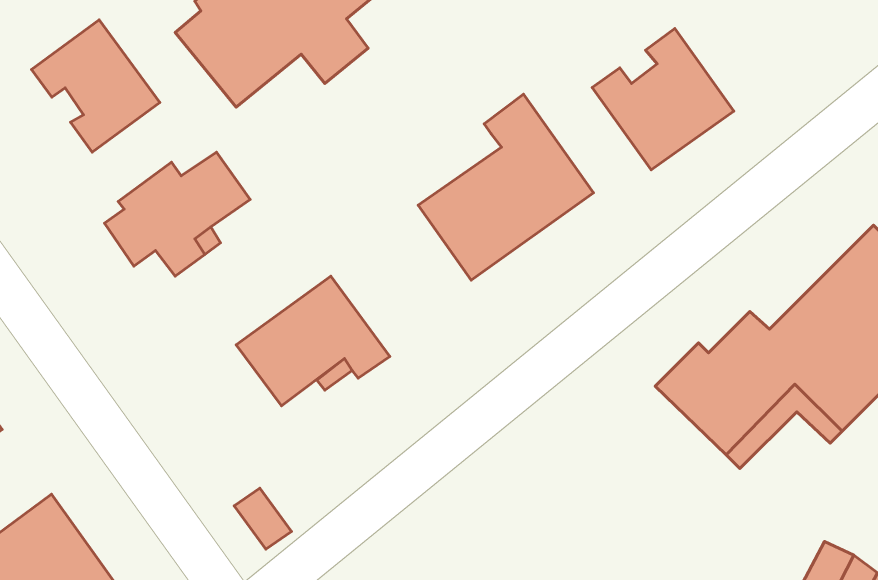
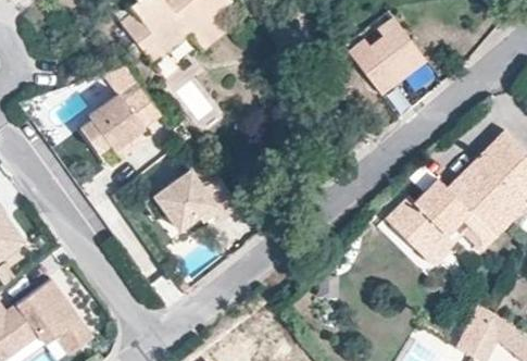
building: [31,20,160,152] -> none
building: [418,94,594,280] -> none

